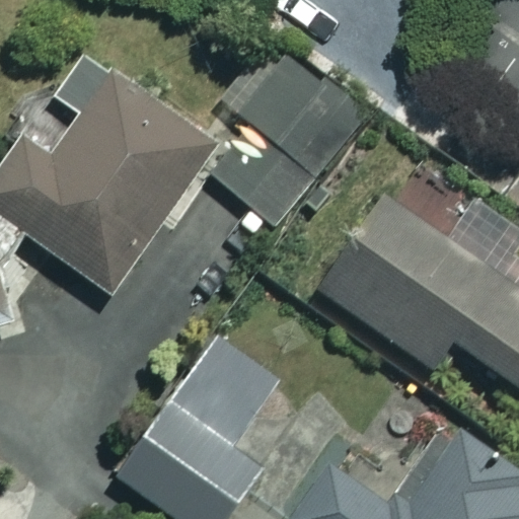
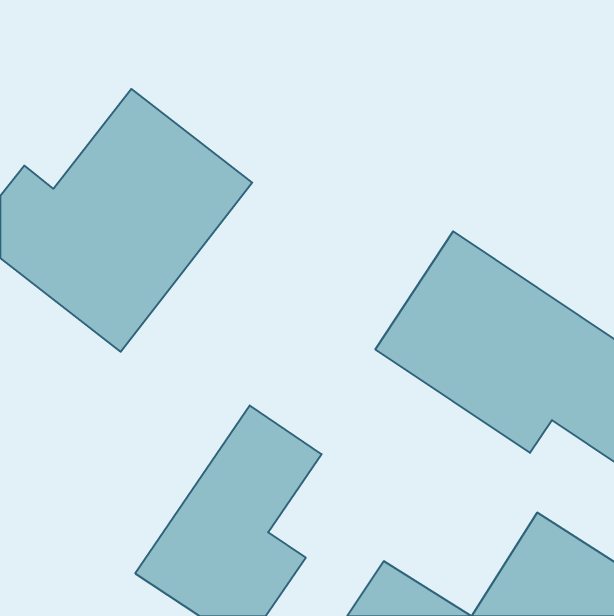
building: [216,43,363,221] -> none

